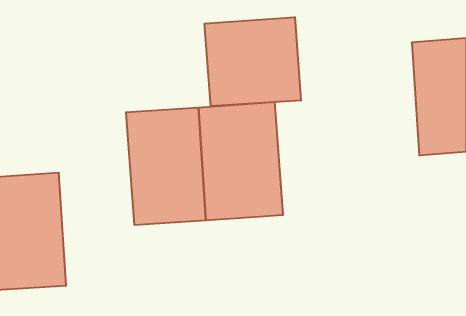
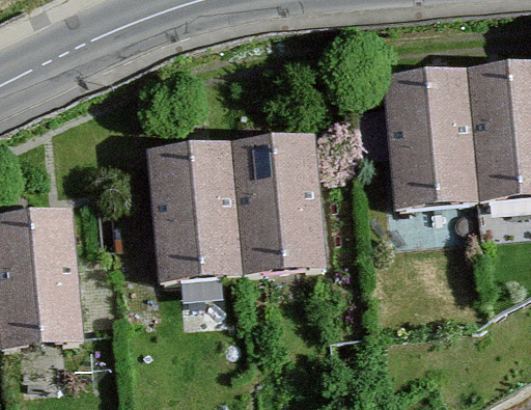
building: [205,17,301,106] -> none
building: none -> [386,71,475,201]

